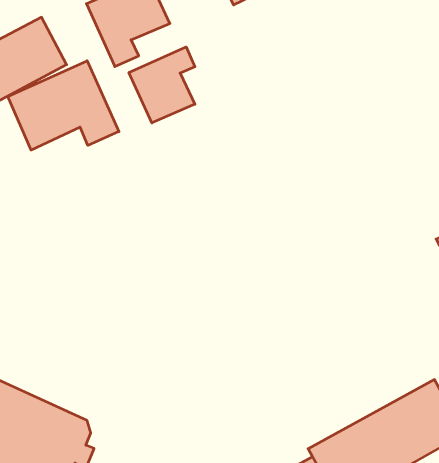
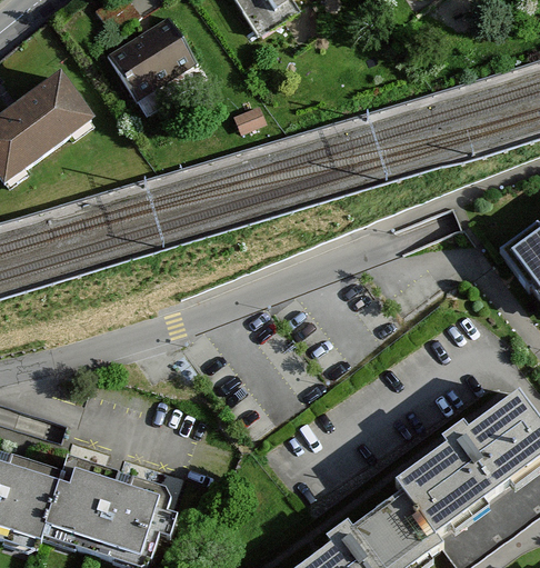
building: [129,47,195,123] -> none
building: [8,61,119,150] -> none

